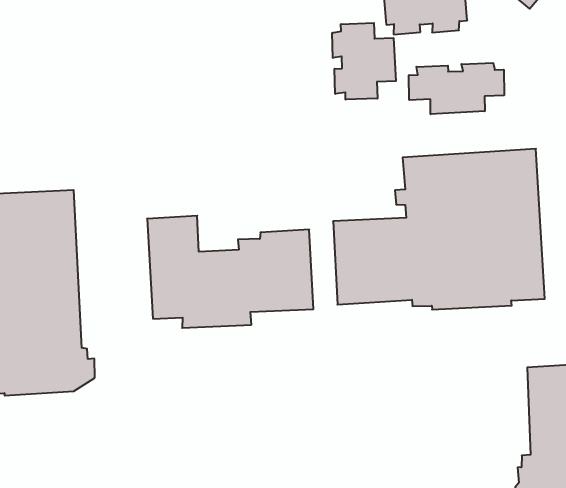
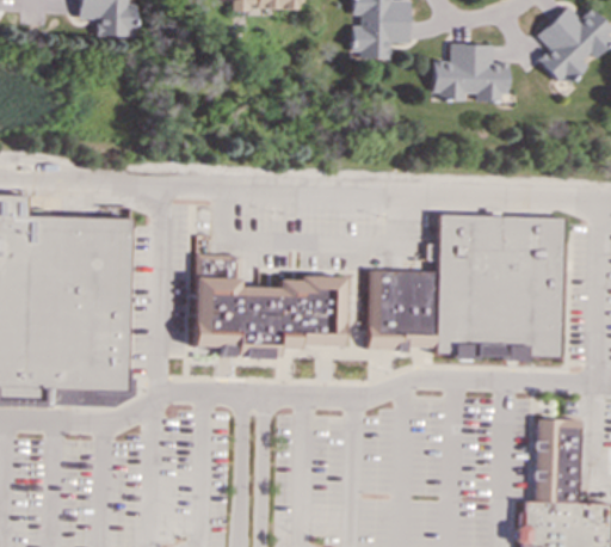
building: [332,23,396,100] -> none
building: [409,63,504,114] -> none

